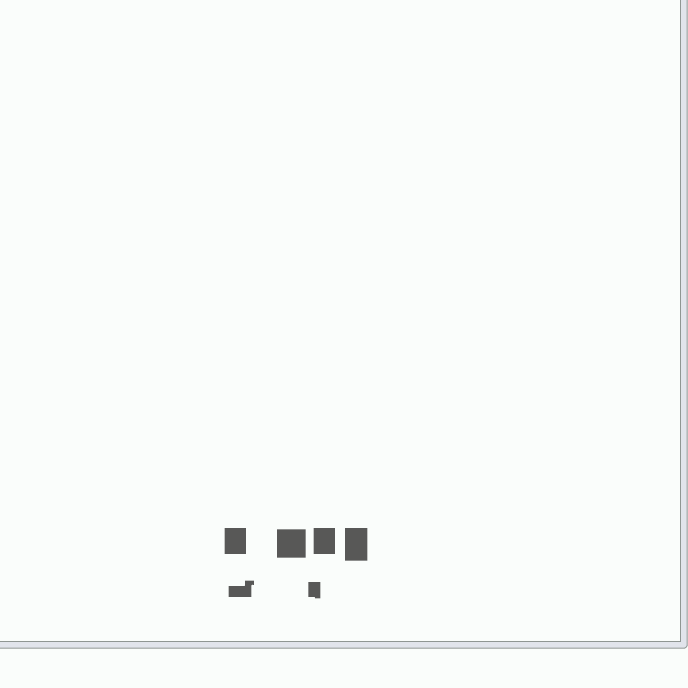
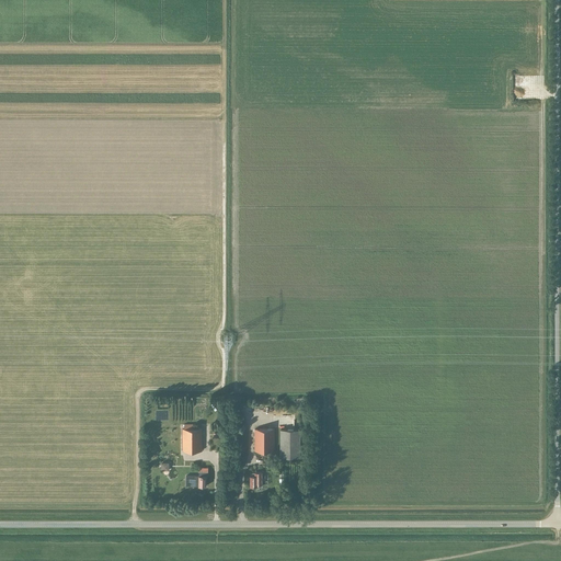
building: [276,528,306,558] -> none

